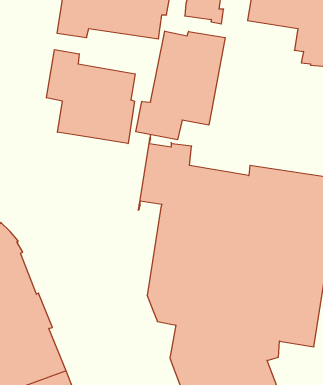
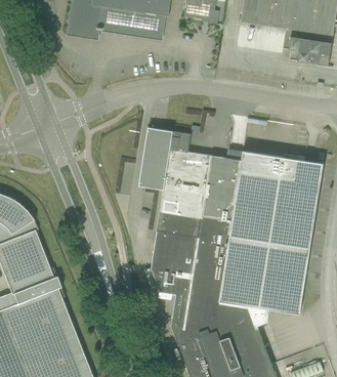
building: [136,31,225,140] -> none
building: [47,50,135,144] -> none

